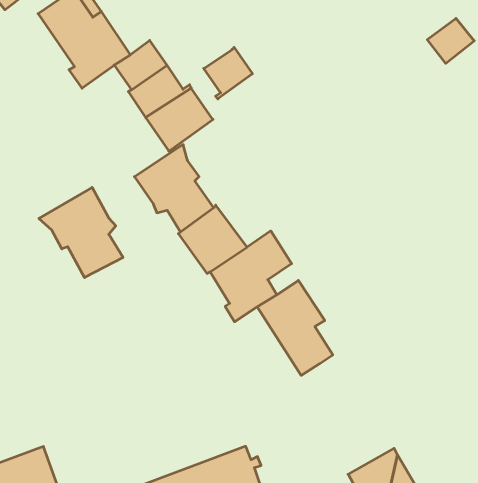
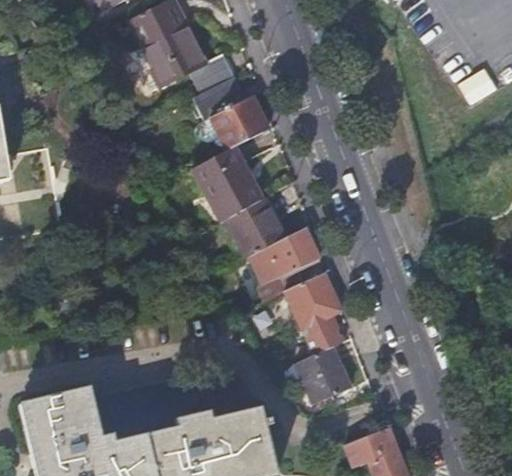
building: [204,47,252,99] -> none
building: [39,187,123,278] -> none
building: none -> [295,346,351,404]

